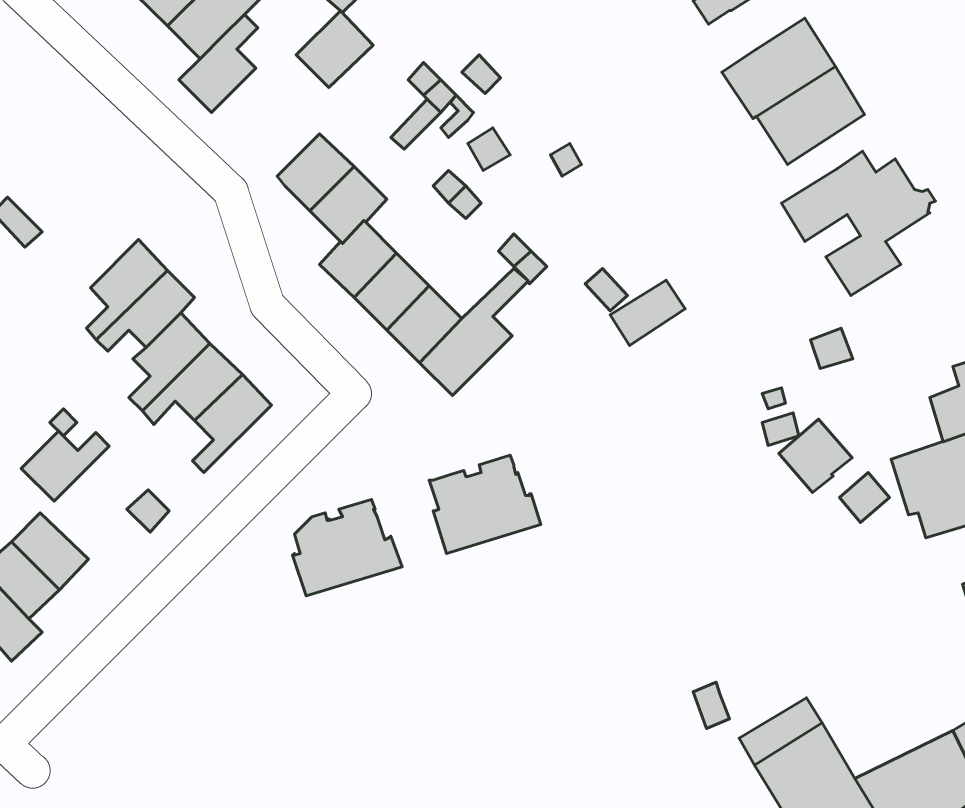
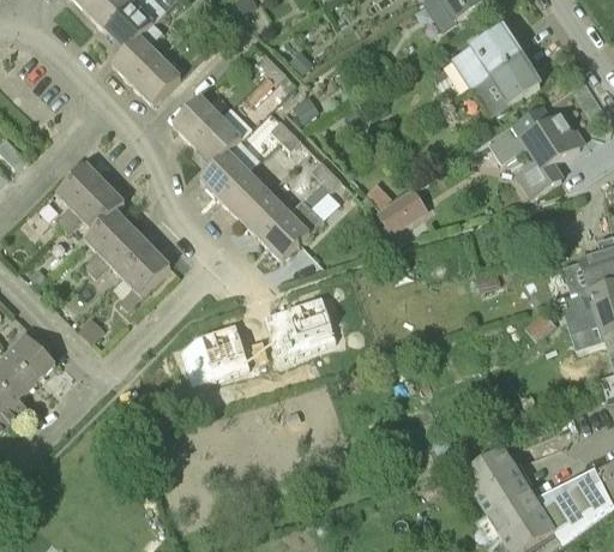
building: [296,11,373,88] -> [133,55,181,103]
building: [779,419,852,492] -> none
building: [21,431,109,501] -> none

